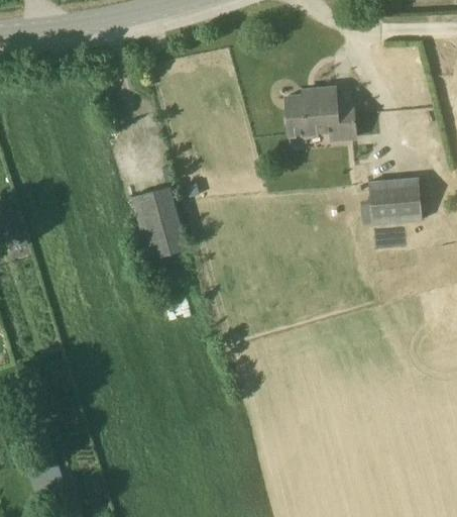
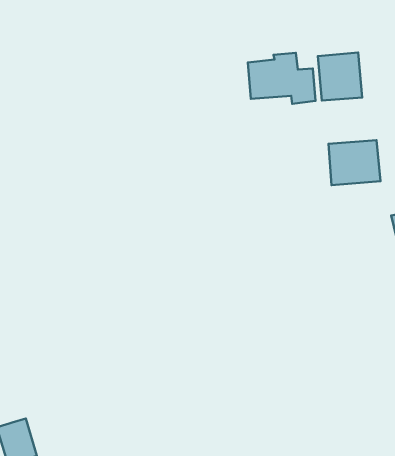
building: none -> [318,52,362,100]
building: [131,187,187,260] -> none

